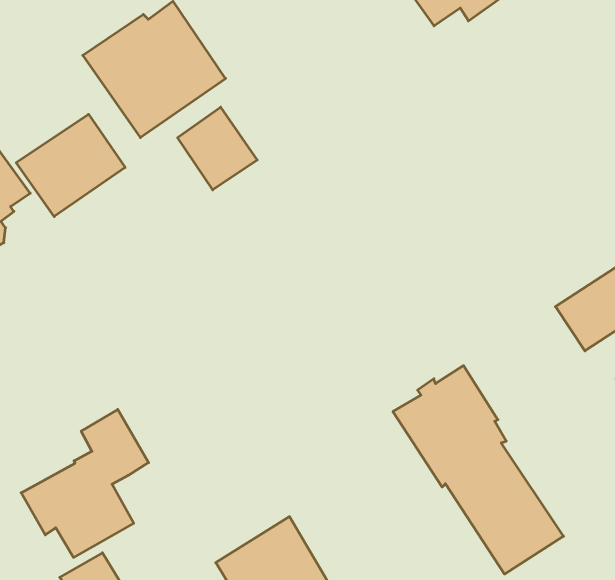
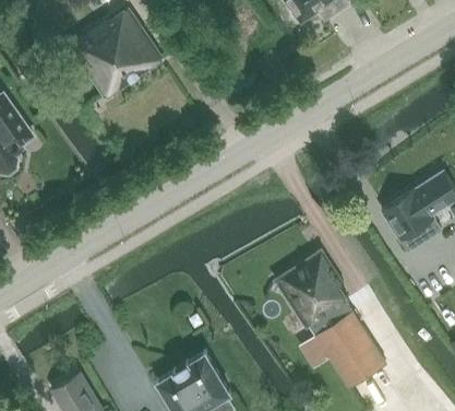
building: [178,107,257,190] -> none
building: [16,114,125,217] -> none
building: [21,409,149,557] -> none

